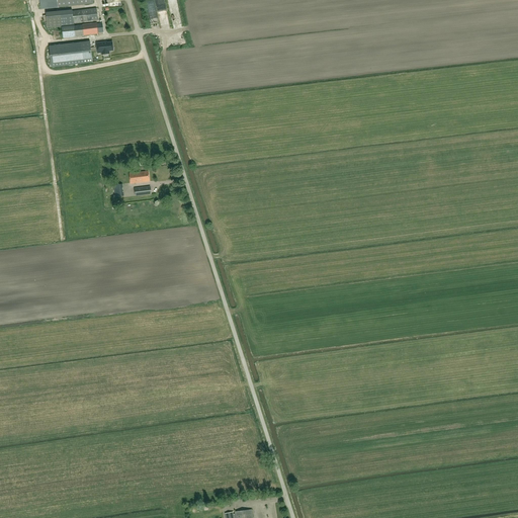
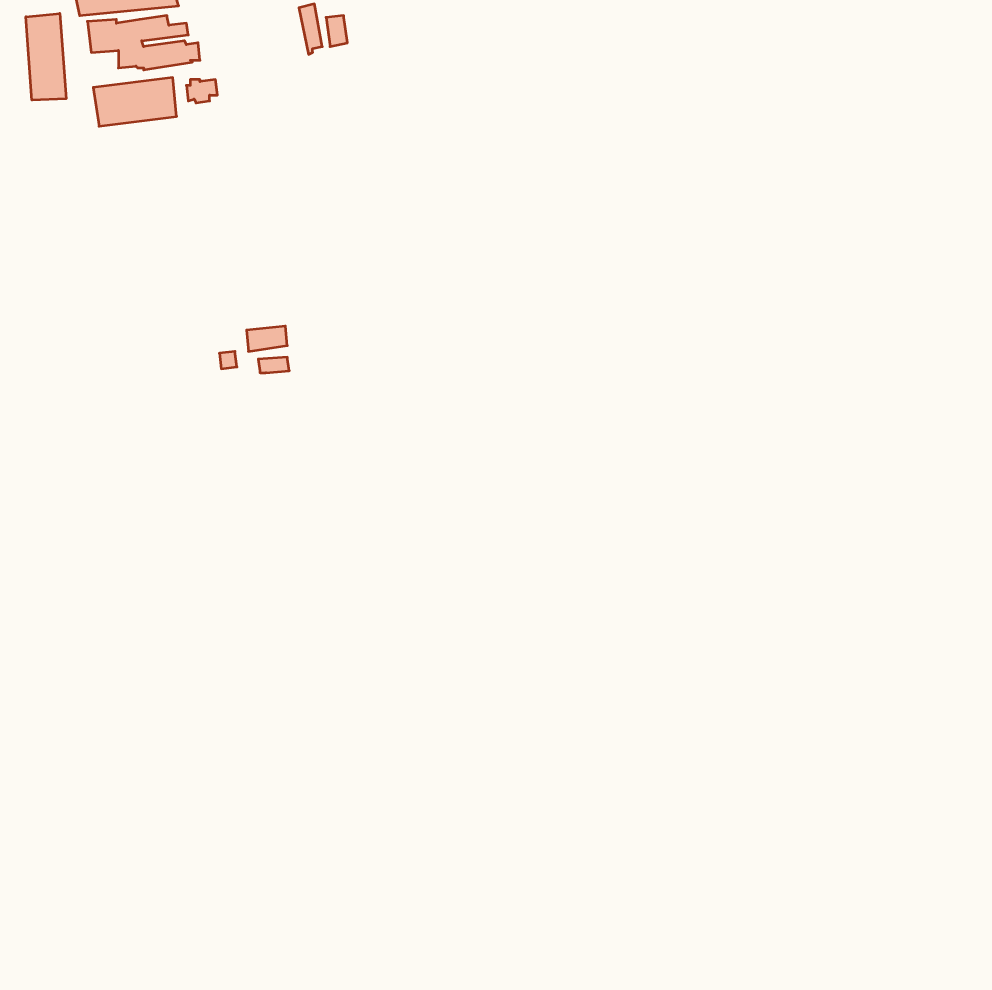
building: none -> [26,13,66,100]

